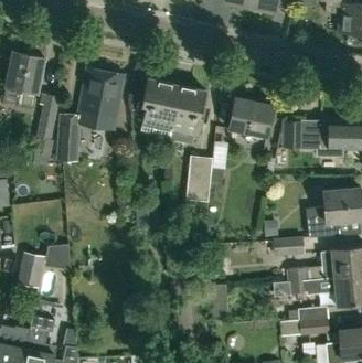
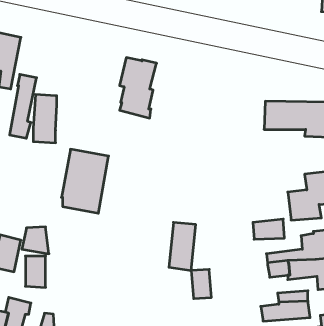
building: [78,67,125,130] -> [61,149,109,213]
building: [170,83,206,145] -> none
building: [228,97,275,136] -> none
building: [185,156,212,203] -> [169,222,196,271]

